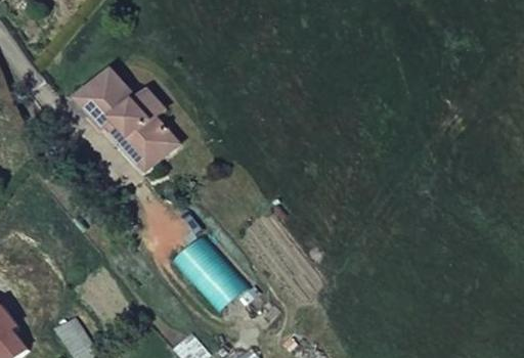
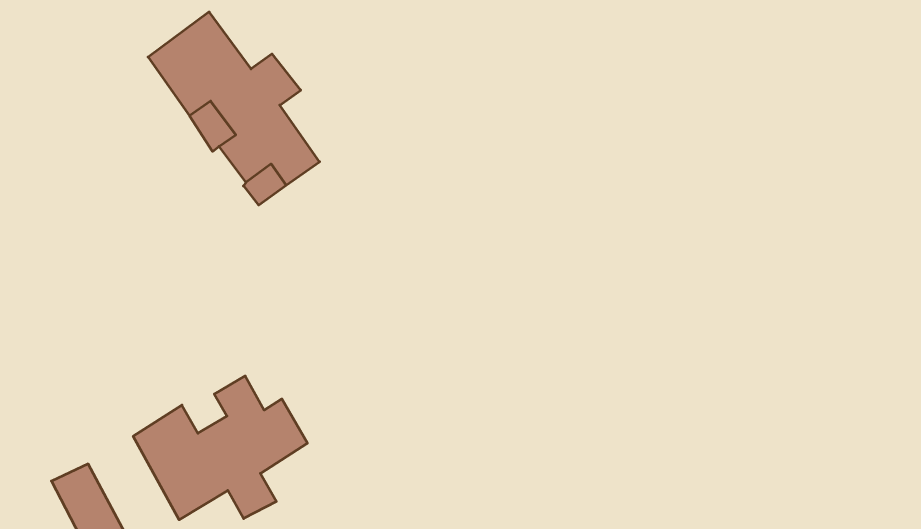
building: none -> [133,376,307,520]

